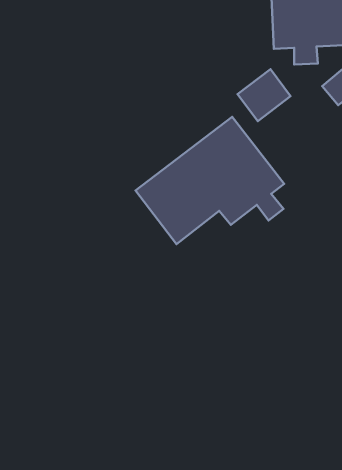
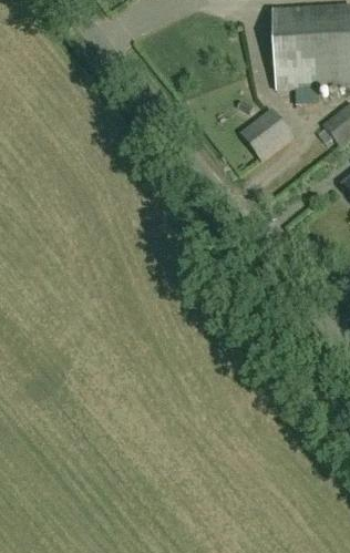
building: [135,117,284,244] -> none

